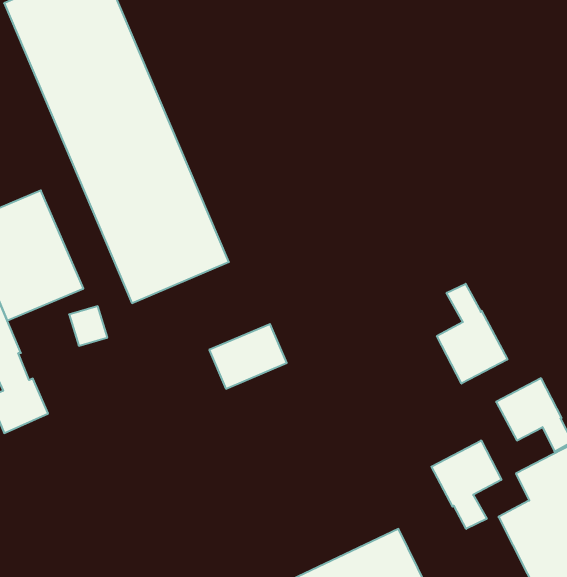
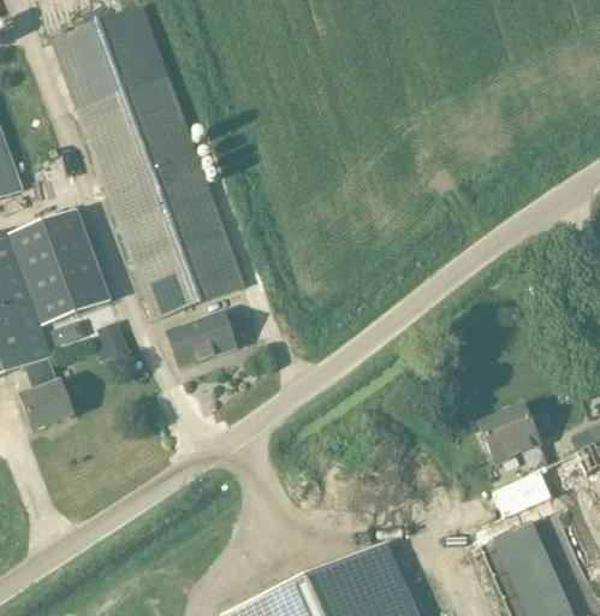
building: [437,284,507,384] -> none
building: [209,324,287,389] -> [166,313,236,369]
building: [431,440,501,529] -> none

